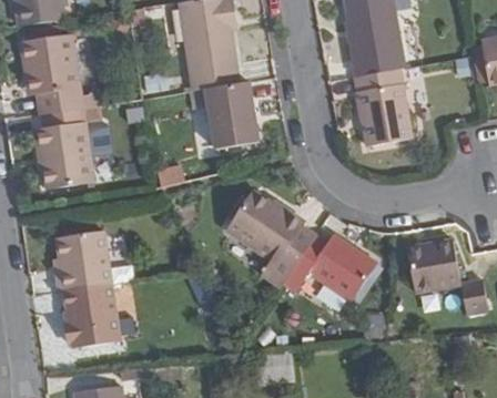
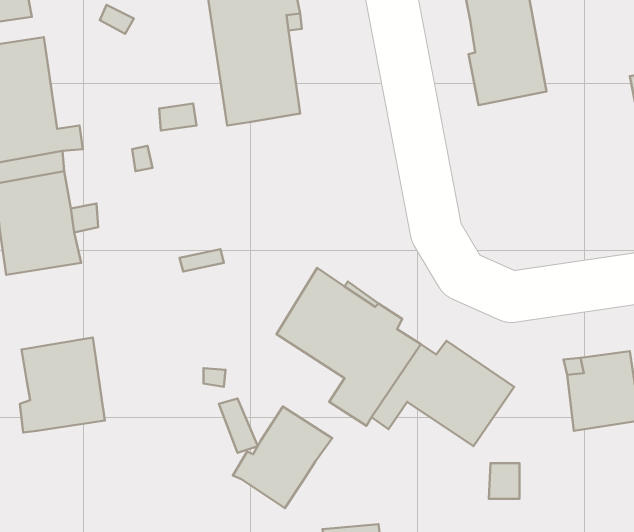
building: [354,68,415,141] -> none
building: [204,81,257,150] -> none
building: none -> [233,406,332,508]
building: [65,284,119,348] -> none

